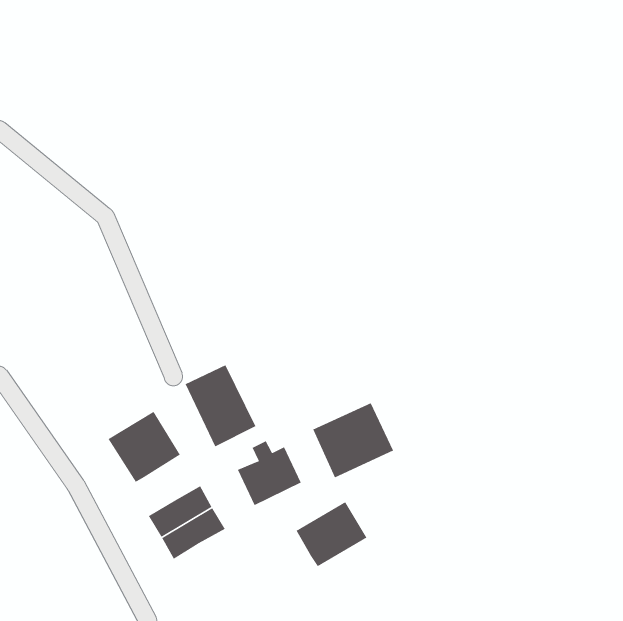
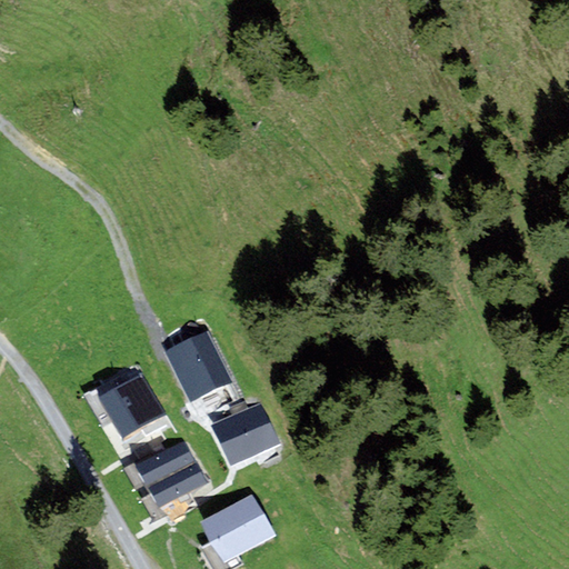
building: [312,402,394,479] -> none
building: [295,501,367,567] -> [204,500,270,560]

